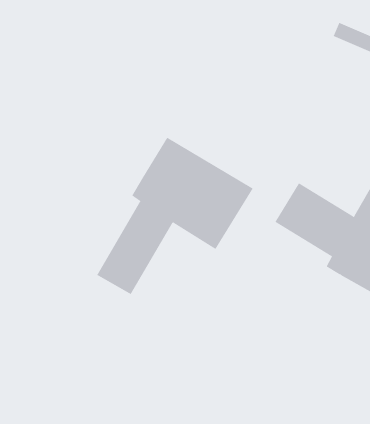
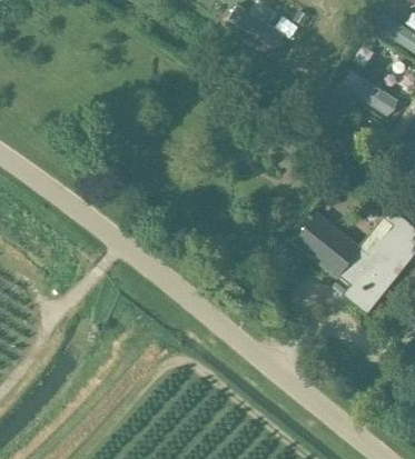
building: [97,137,253,295] -> none

